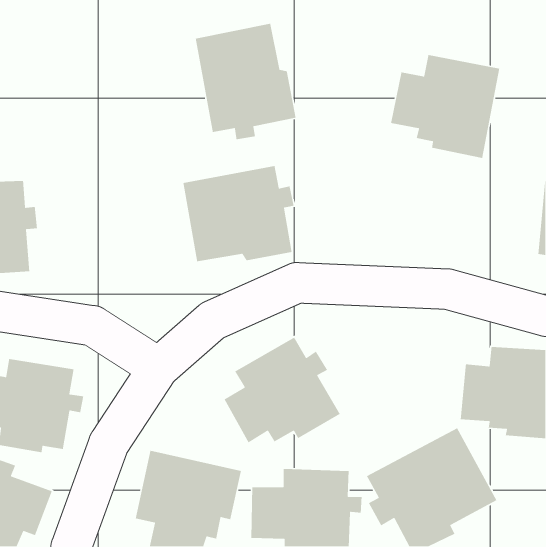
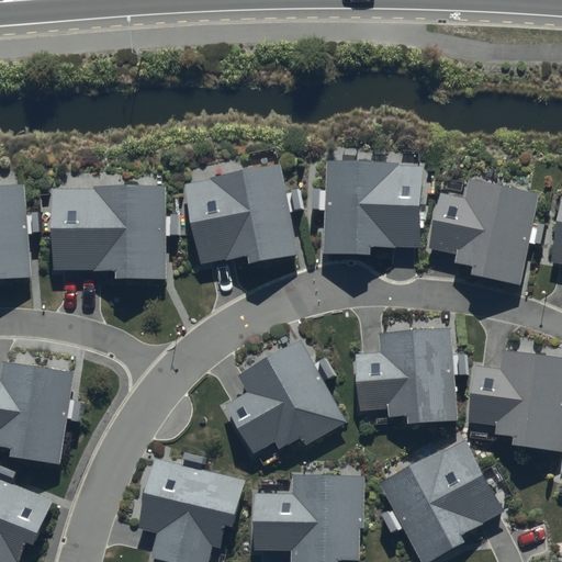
building: [195,23,296,140] -> none
building: [390,54,500,159] -> [427,175,539,281]
building: none -> [316,157,423,259]
building: none -> [49,182,175,281]
building: none -> [353,326,464,426]

